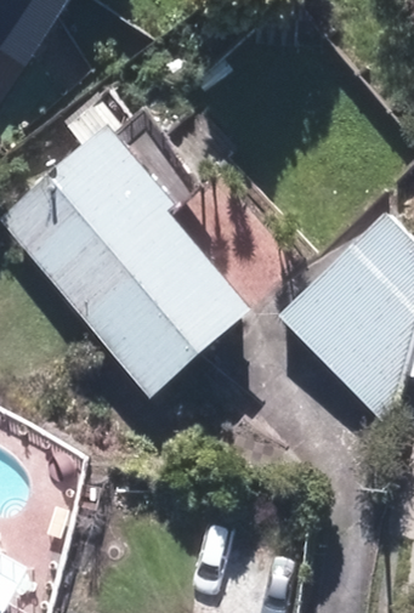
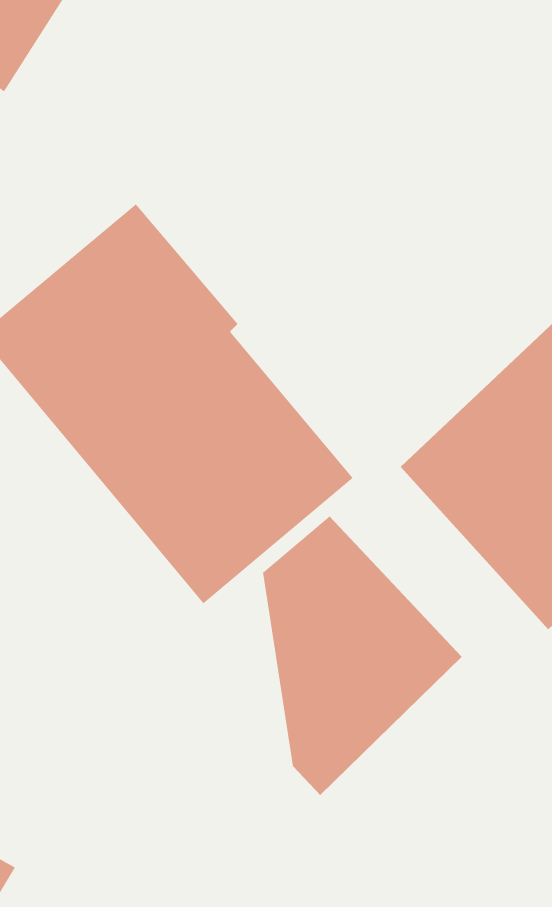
building: none -> [262,516,463,796]

